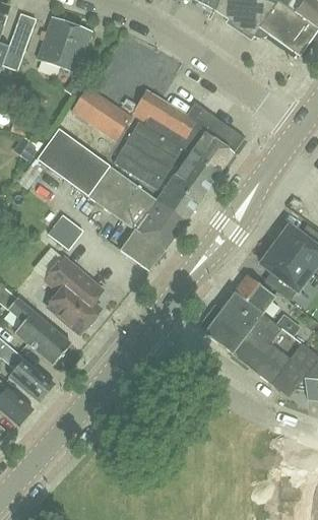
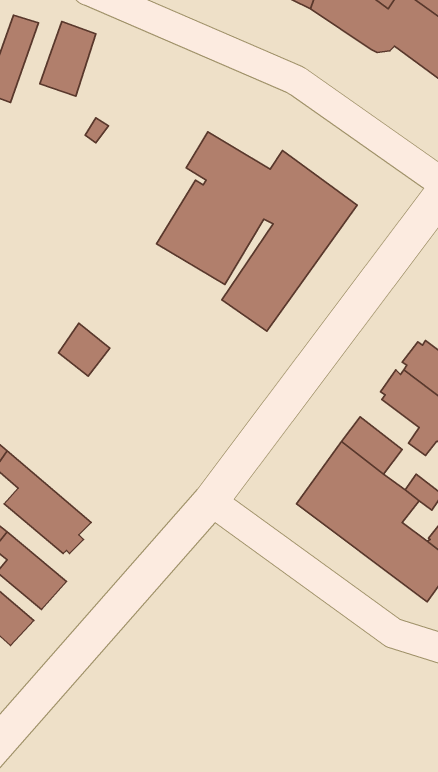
building: [60,25,90,71] -> none
building: [71,85,132,140] -> none
building: [37,129,185,270] -> none
building: [45,258,102,333] -> none

